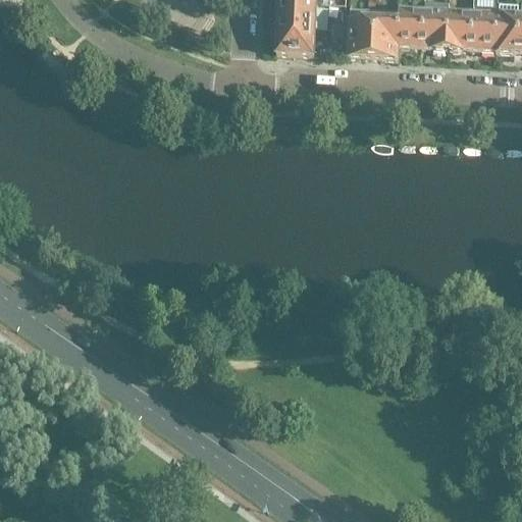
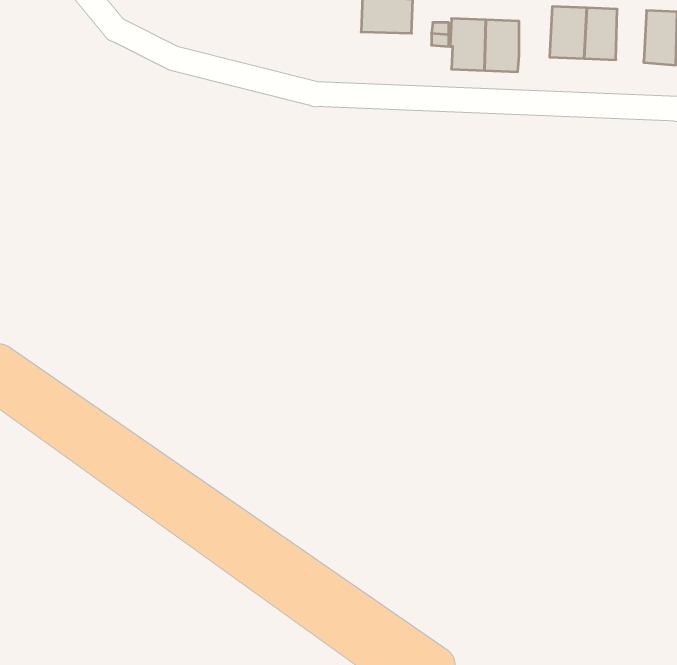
building: [399,4,424,44] -> none
building: [473,7,497,47] -> none
building: [276,24,316,51] -> none

